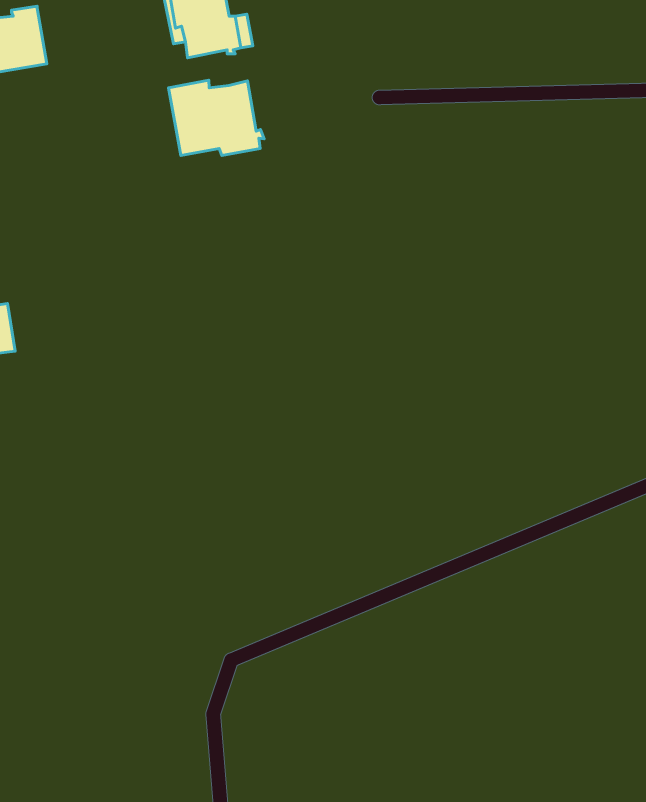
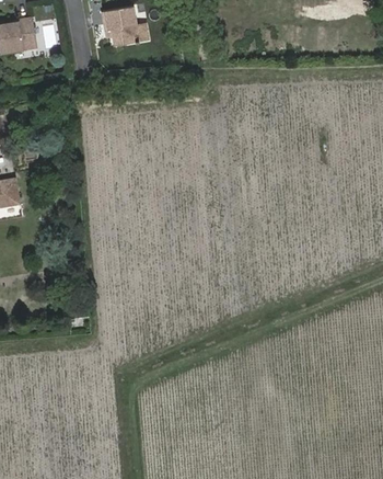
building: [168,80,264,155] -> none

